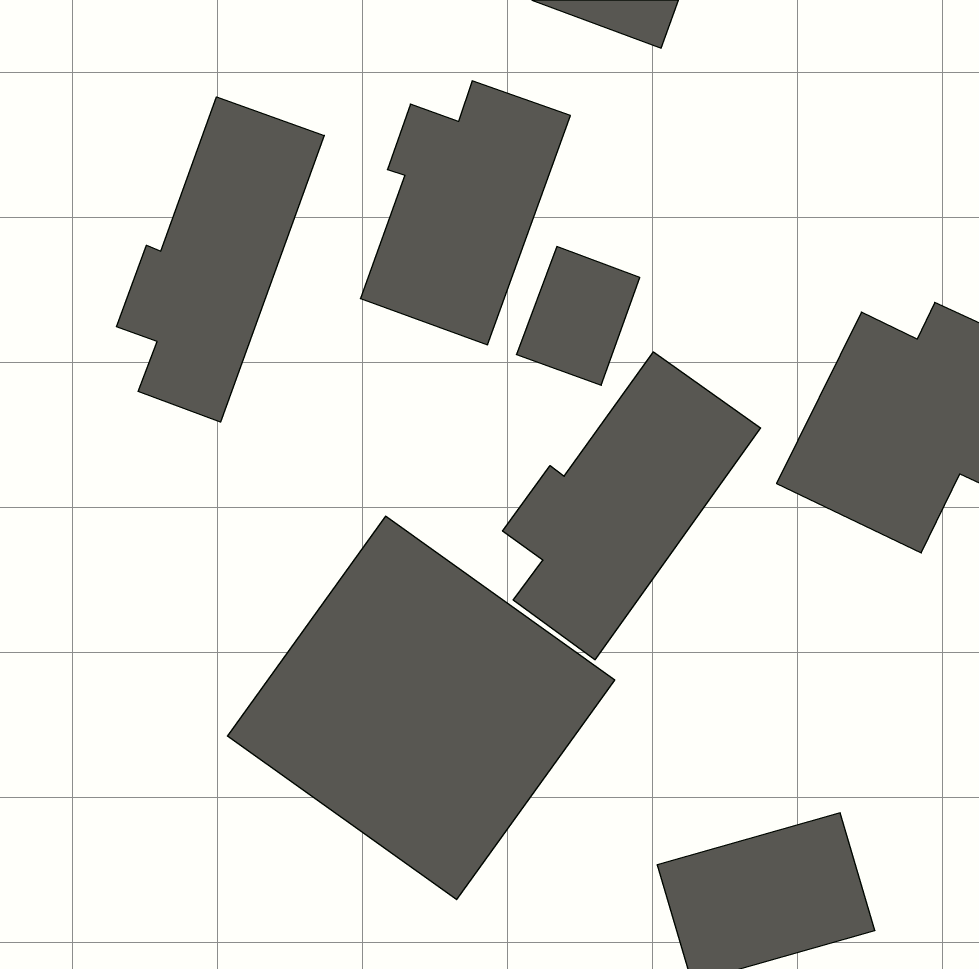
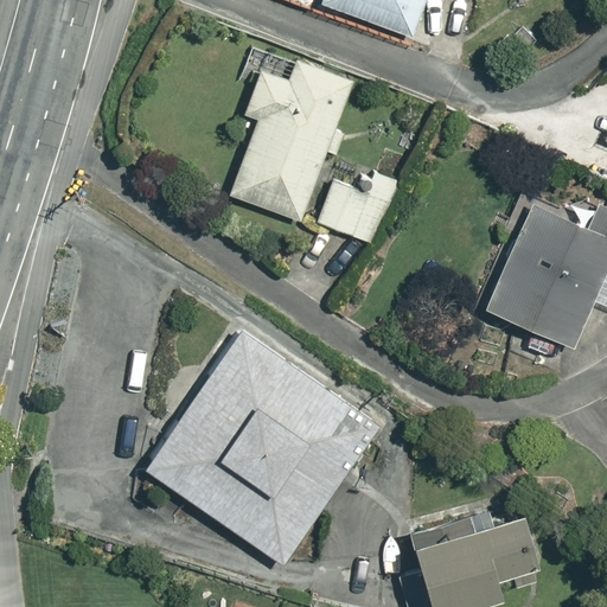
building: [116,97,324,422] -> none
building: [503,352,761,660] -> none

